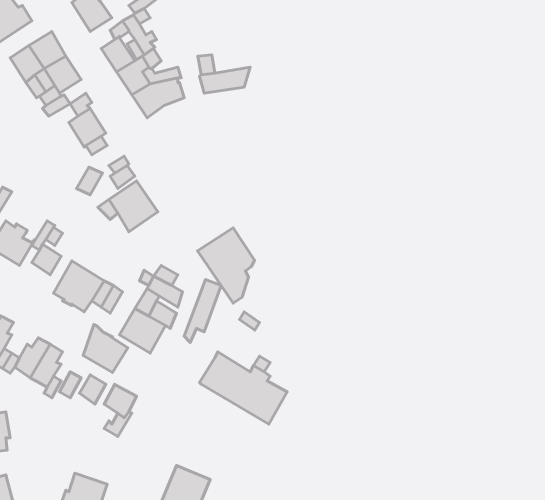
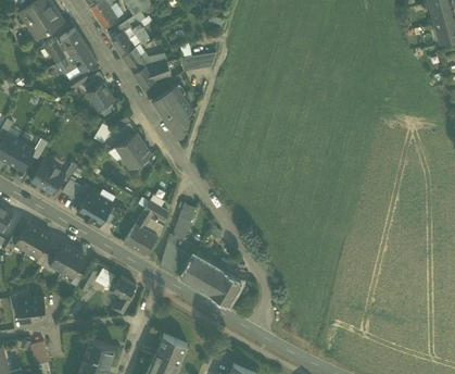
building: [198,228,255,303] -> [152,84,192,137]
building: [83,325,128,372] -> [160,241,191,275]

